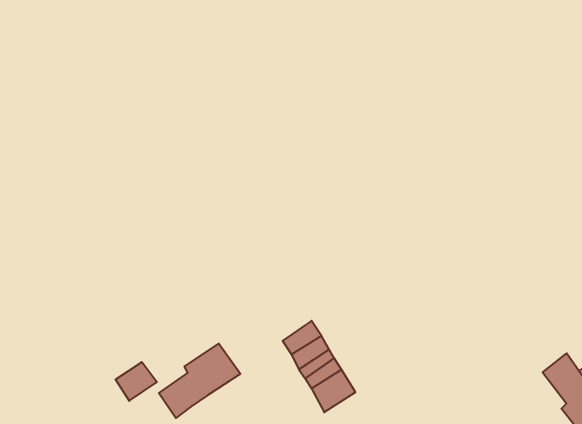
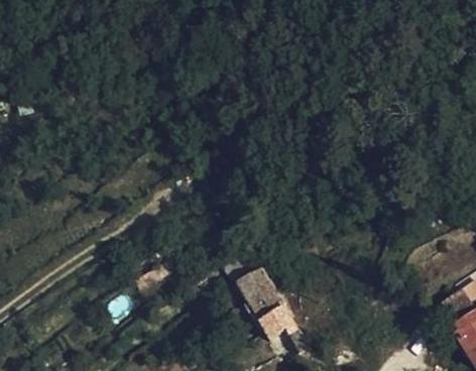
building: [159,344,240,418] -> none

